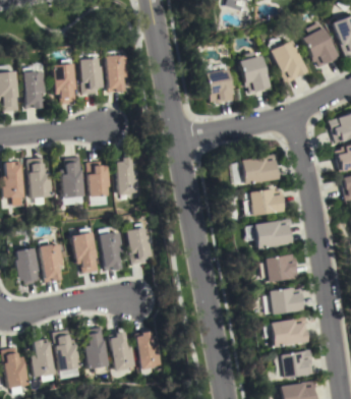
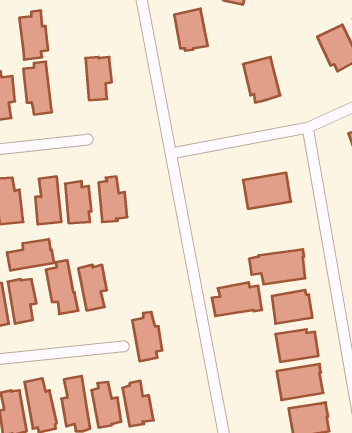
building: [269,40,307,83] -> none
building: [78,53,103,95] -> [19,11,48,60]
building: [206,68,234,104] -> [174,9,208,51]
building: [242,187,285,216] -> [212,282,262,316]
building: none -> [7,239,54,271]
building: [126,223,152,265] -> [132,312,162,361]

